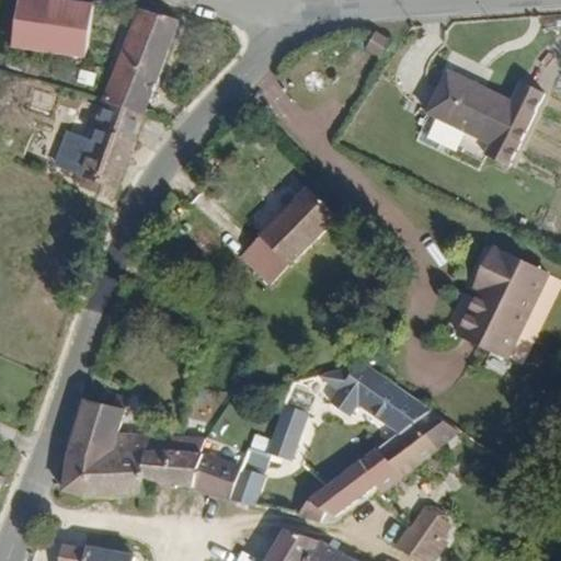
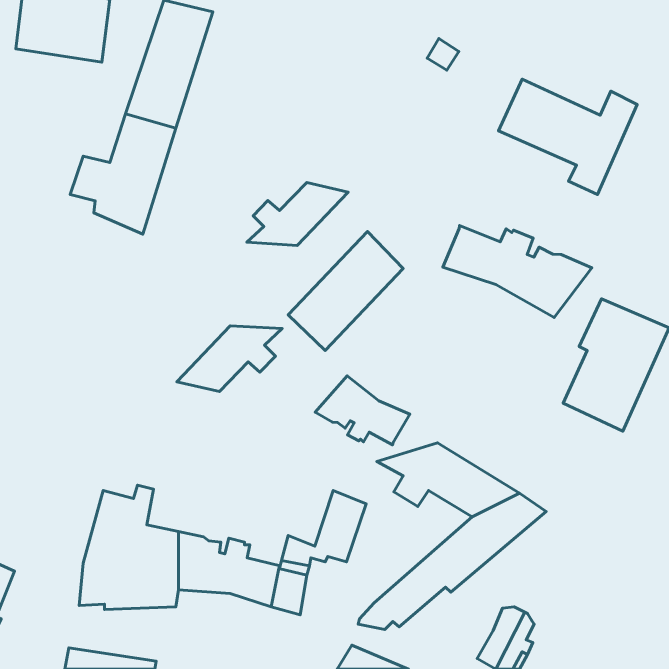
building: none -> [247,182,348,246]
building: none -> [443,225,592,318]
building: none -> [177,326,282,391]
building: none -> [315,376,410,445]

